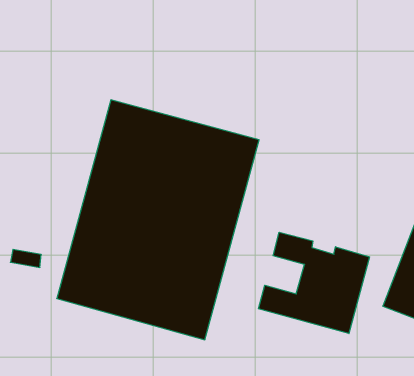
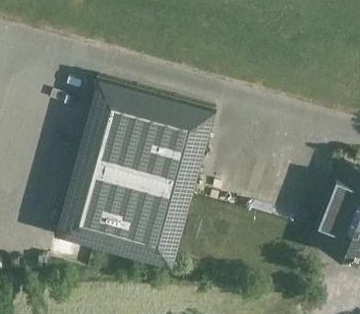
building: [259,232,370,334] -> none

